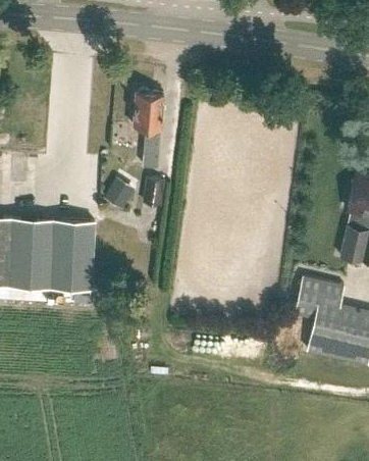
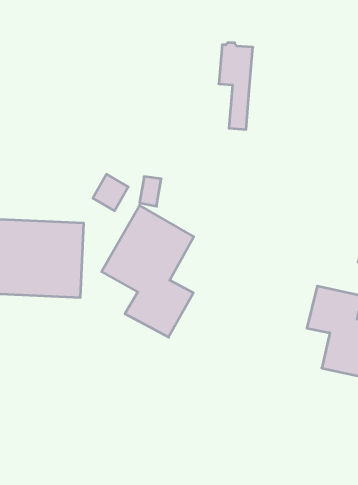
building: [134,91,164,168] -> [219,43,253,129]
building: none -> [102,205,194,337]

